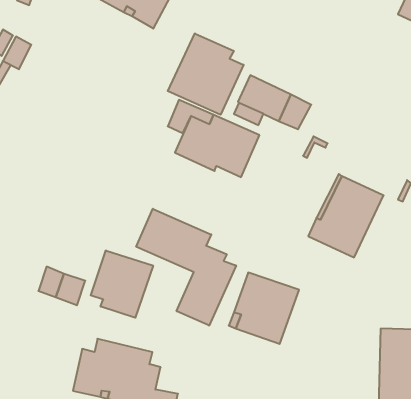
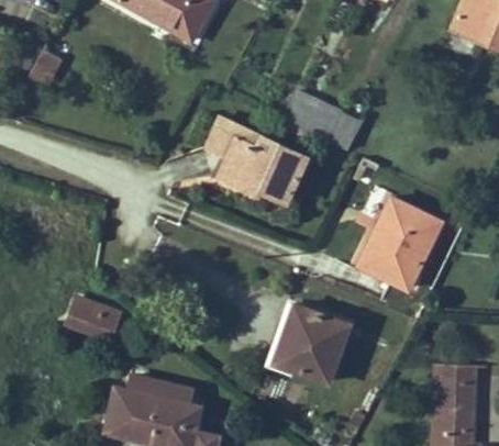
building: [168,33,244,115] -> none
building: [136,209,236,326] -> none
building: [91,250,153,318] -> none

